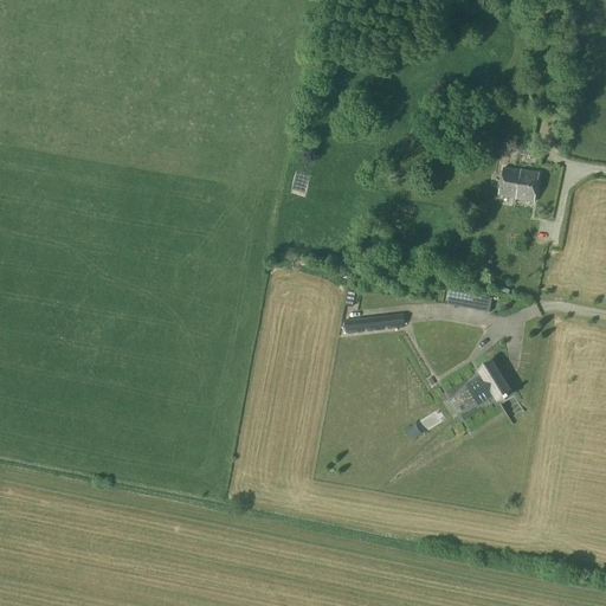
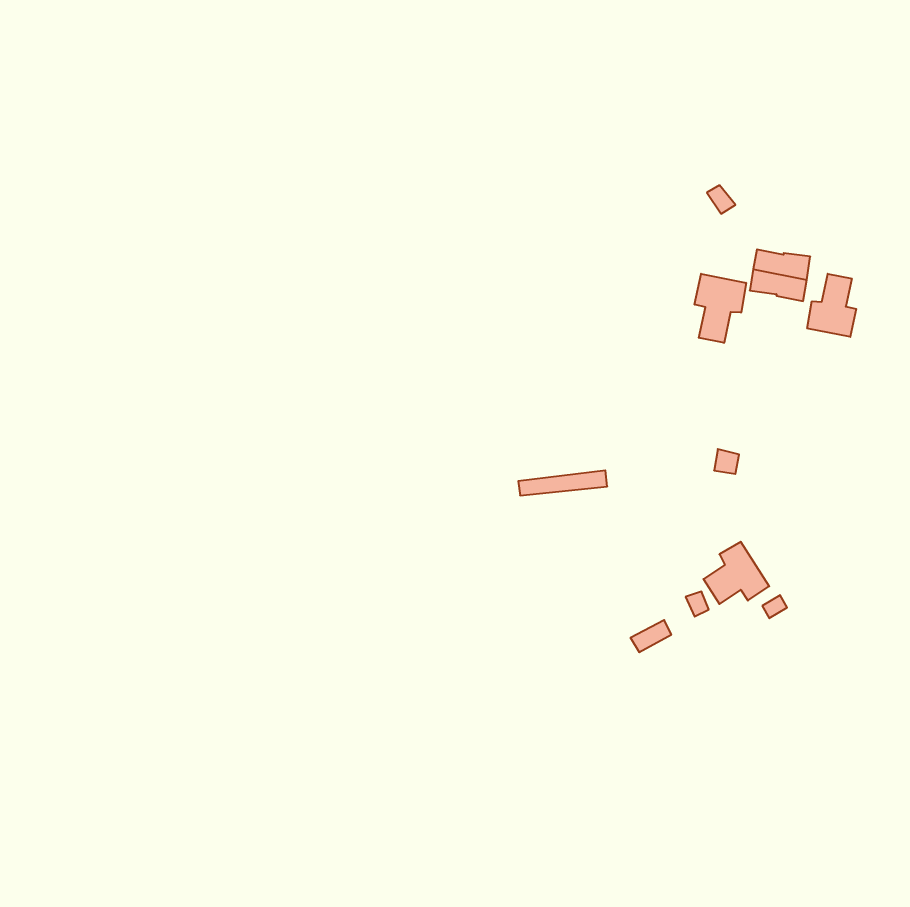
building: none -> [695,274,746,343]
building: none -> [807,274,856,337]

